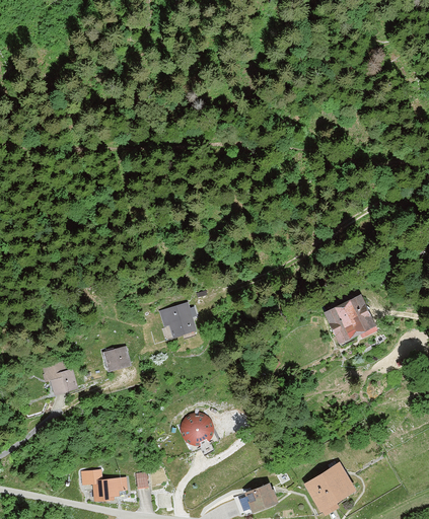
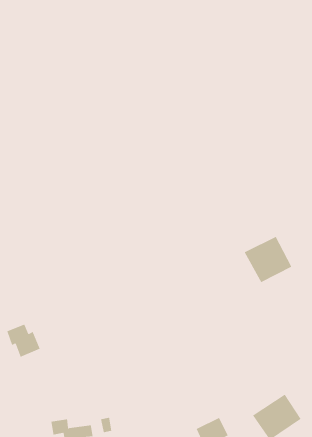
building: [159,301,197,339] -> none
building: [103,345,131,372] -> none
building: [181,413,213,444] -> none

